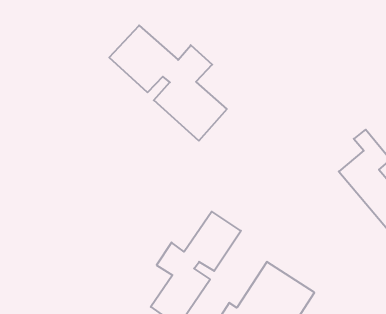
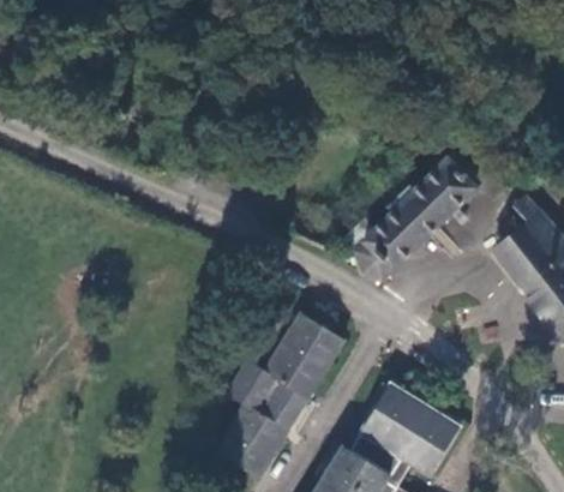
building: [109,25,227,141] -> none
building: none -> [325,150,480,283]

